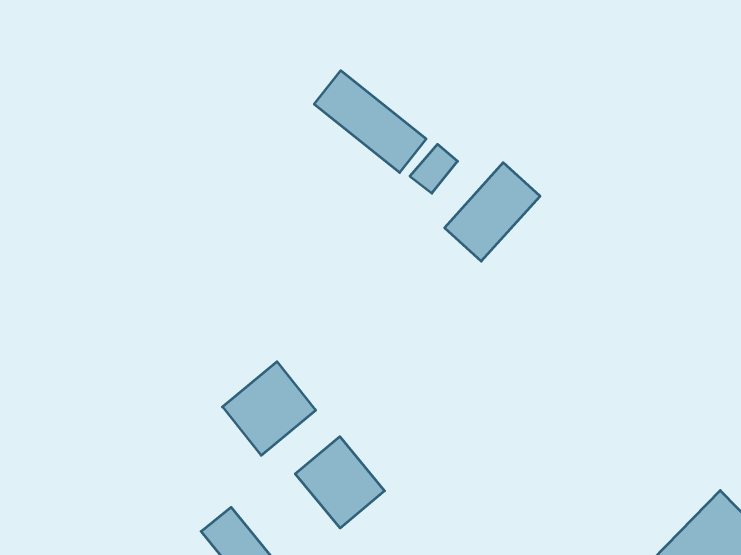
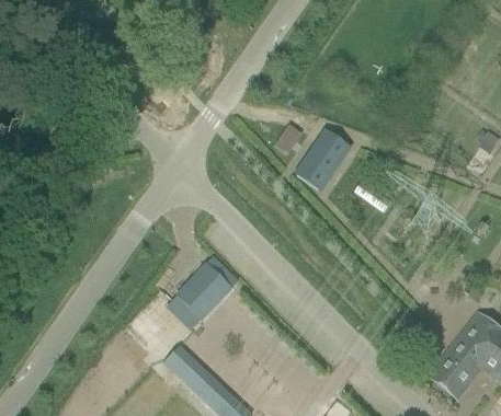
building: [314,71,426,173] -> none
building: [295,437,385,528] -> none

